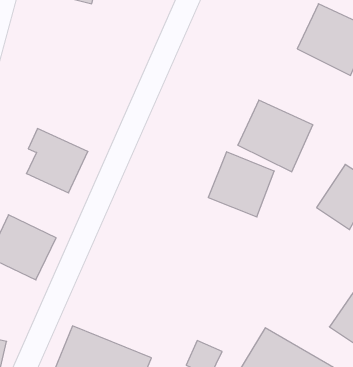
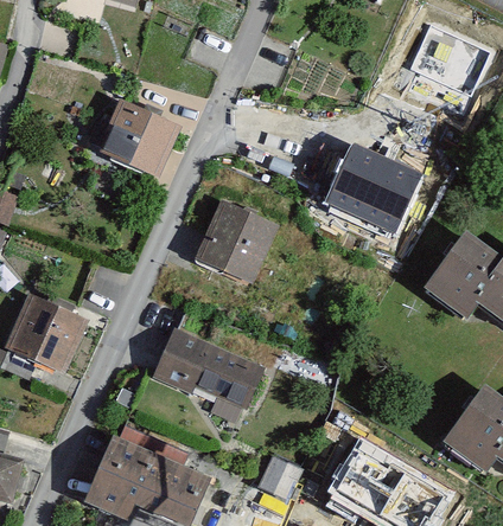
building: [26,129,88,193] -> [103,107,183,190]
building: [208,152,274,217] -> [192,200,278,284]
building: none -> [154,331,267,423]

